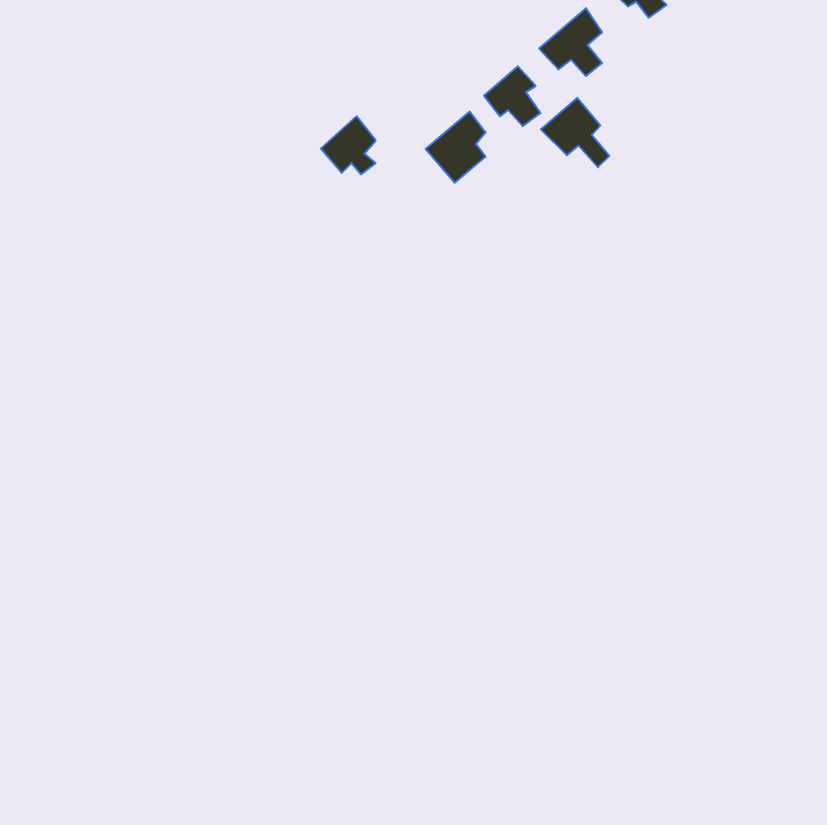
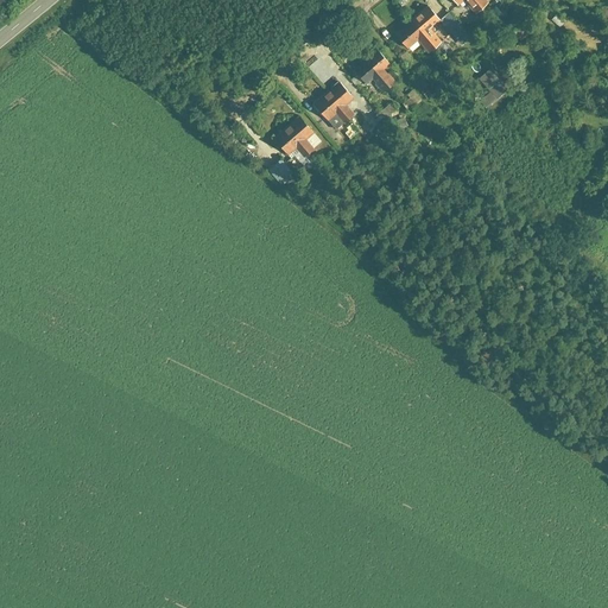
building: [541,98,609,167] -> none
building: [321,116,376,174] -> [276,115,316,158]

